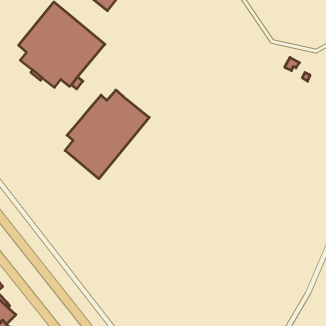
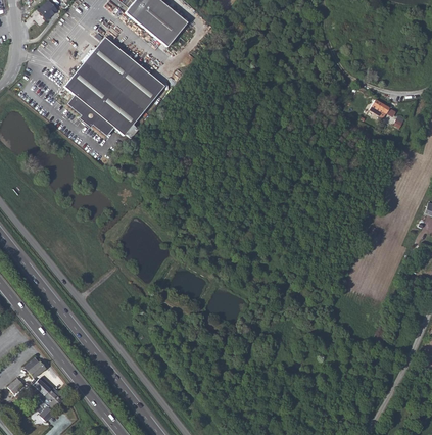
building: [65,90,149,179] -> none

